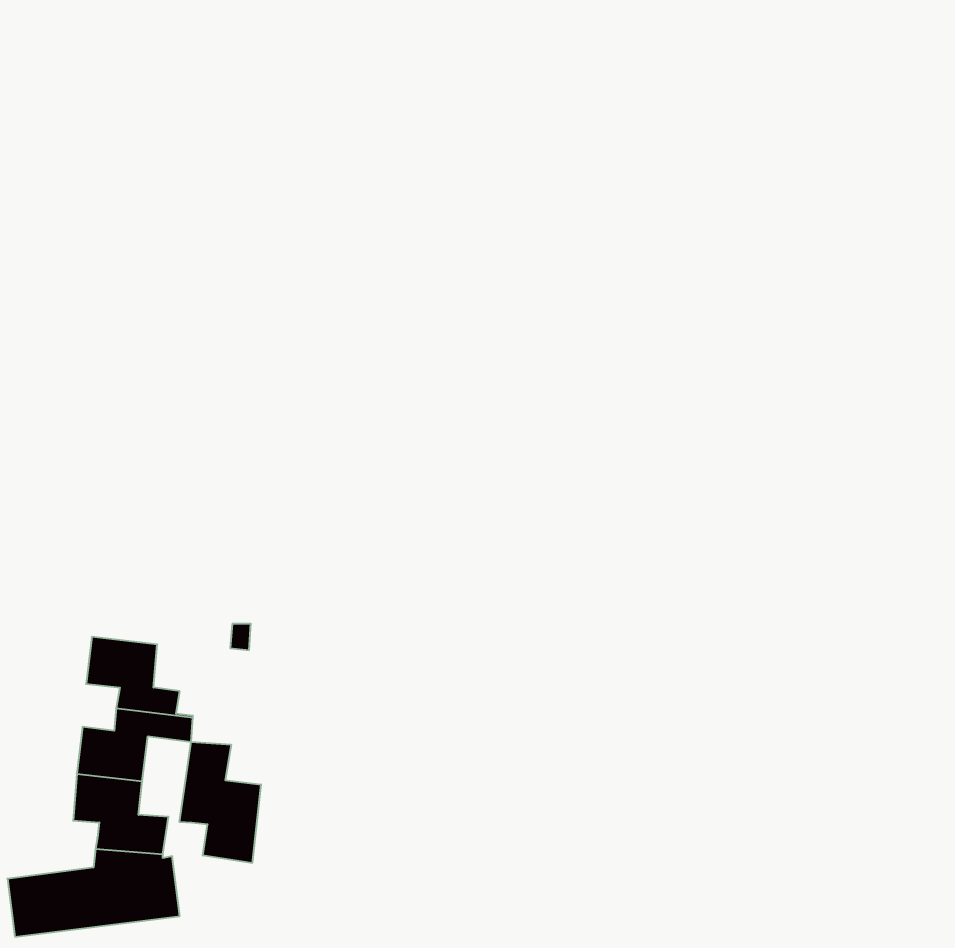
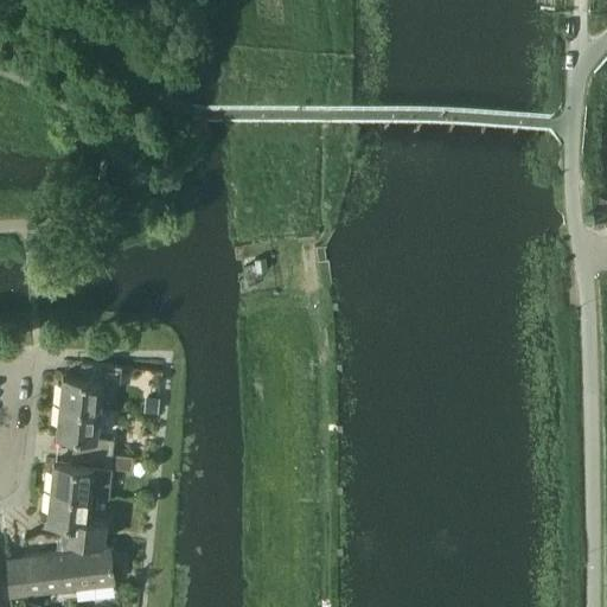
building: none -> [59,366,122,414]
building: [180,742,261,863] -> none

